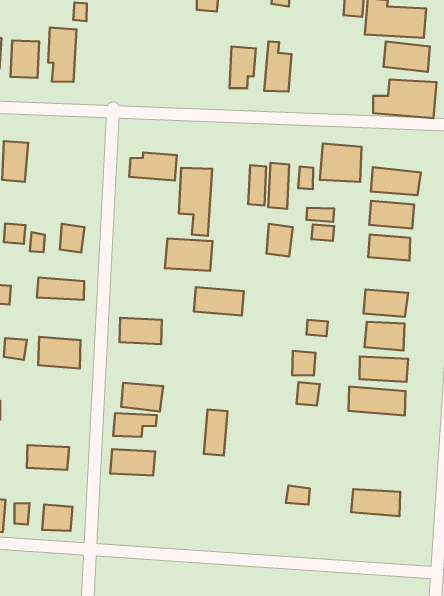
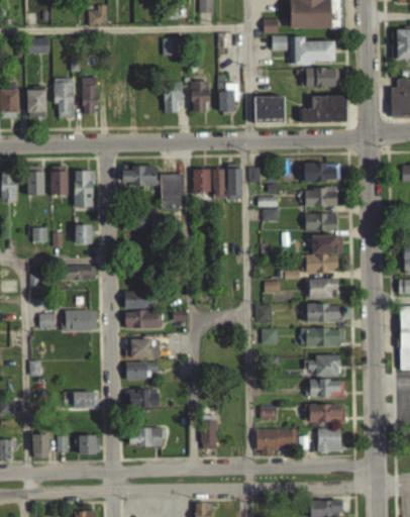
building: none -> [82,77,98,114]
building: none -> [164,83,183,112]
building: [320,144,362,182] -> [254,96,285,123]
building: none -> [50,166,68,195]
building: none -> [74,170,94,207]
building: [267,224,293,257] -> [193,169,211,192]
building: [165,239,213,271] -> none
building: none -> [312,234,342,253]
building: [194,287,244,315] -> [125,310,162,328]
building: [204,409,228,455] -> [202,415,217,448]
building: none -> [308,355,339,375]
building: none -> [309,379,344,397]
building: none -> [129,427,164,446]
building: none -> [257,429,298,453]
building: none -> [317,428,340,451]

